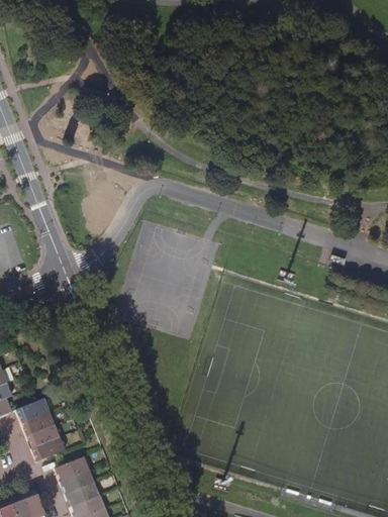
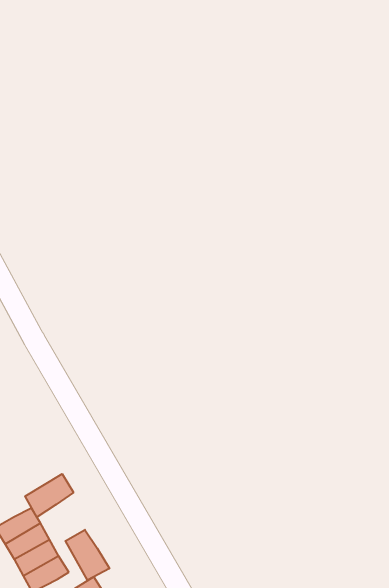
building: none -> [25,474,73,517]
building: none -> [65,530,109,580]

